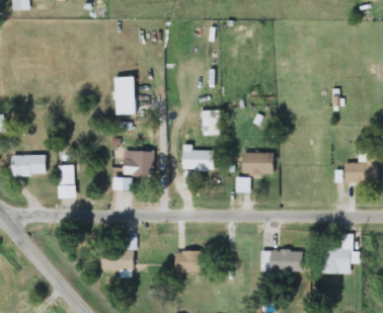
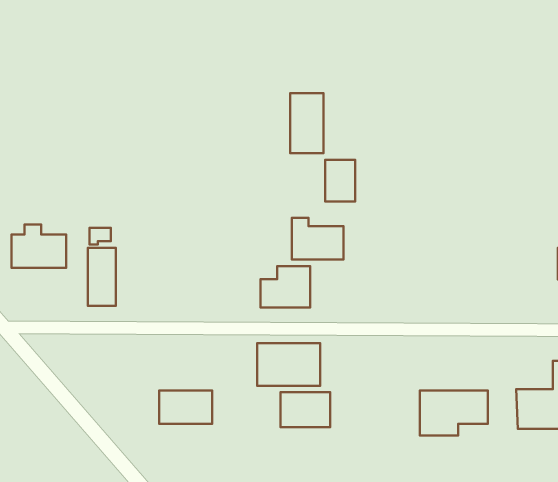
building: [114,77,135,113] -> [290,93,324,153]
building: [123,151,153,176] -> [260,266,310,308]
building: [242,152,274,175] -> none
building: none -> [257,343,320,386]

